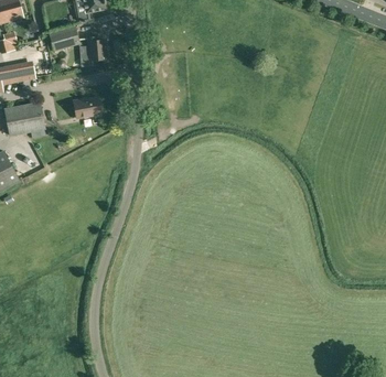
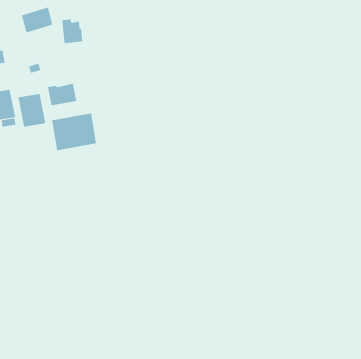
building: none -> [18,93,46,128]
building: none -> [52,112,97,151]

